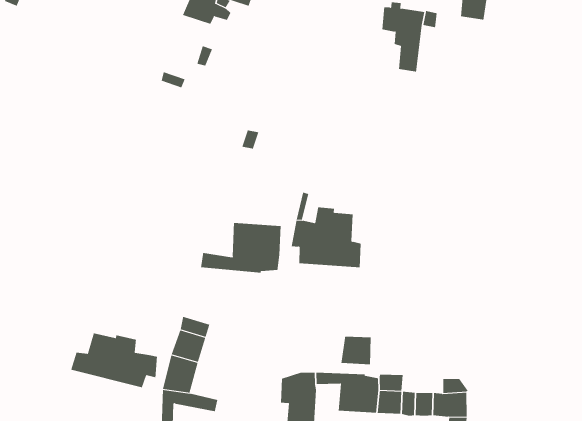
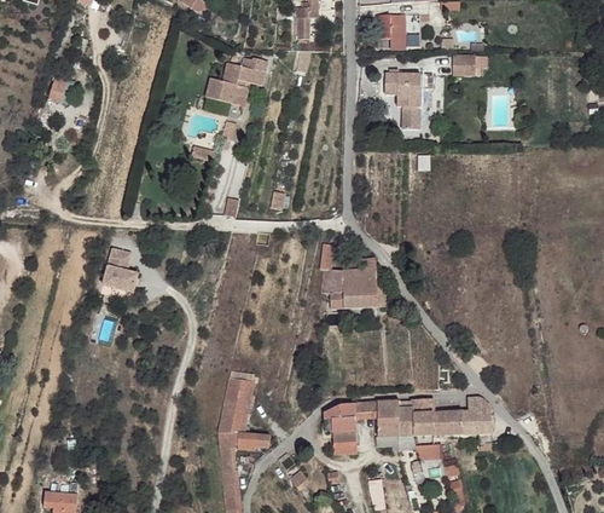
building: none -> [103,248,138,293]
building: [201,222,281,273] -> none
building: [71,332,157,388] -> none
building: [341,336,371,365] -> none

